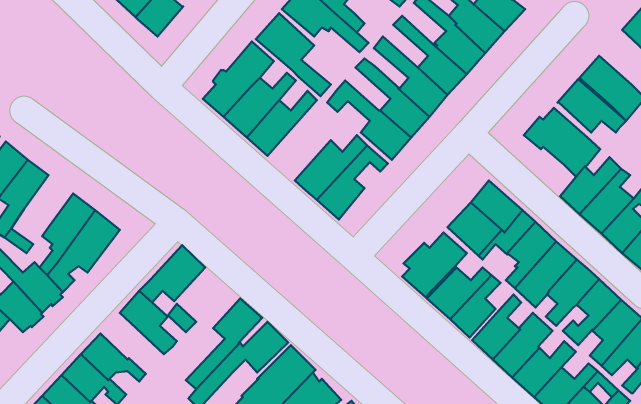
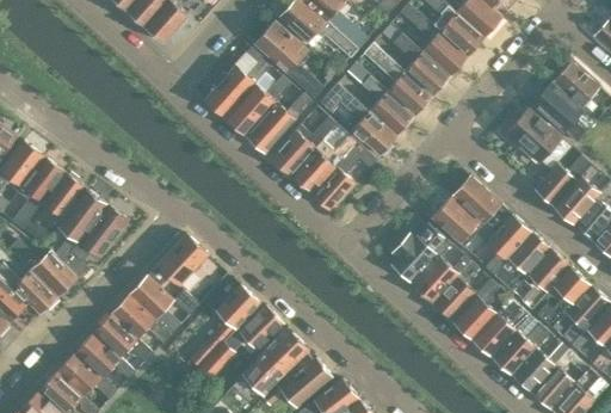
building: none -> [271,116,337,174]
building: none -> [41,169,86,217]
building: none -> [111,296,169,343]

